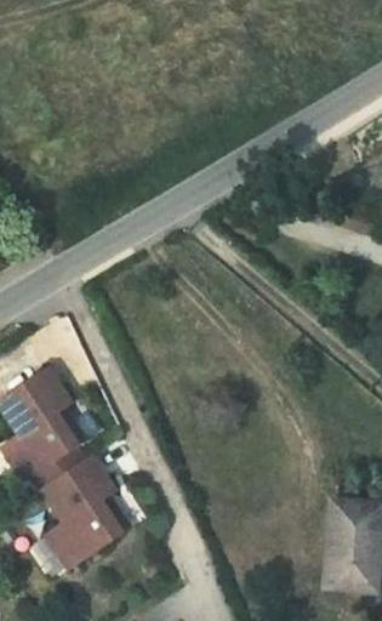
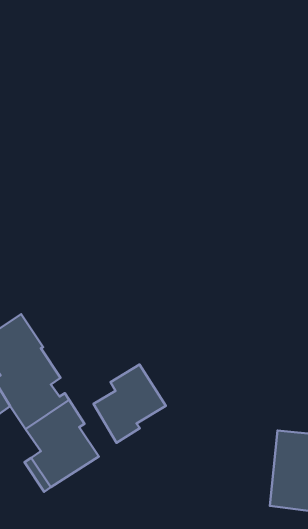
building: none -> [93,364,166,443]

